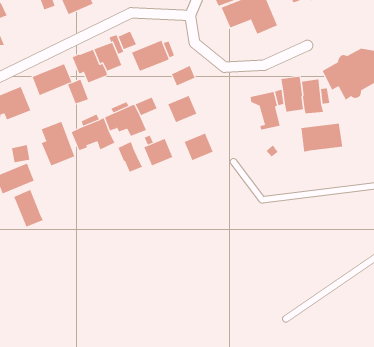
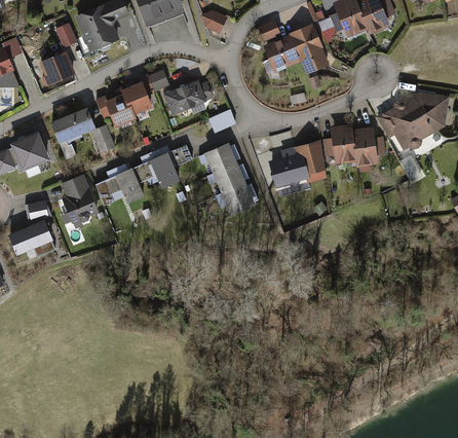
building: none -> [38,51,75,86]
building: none -> [270,149,313,186]
building: [301,123,343,152] -> none
building: [143,138,173,166] -> [213,165,246,196]
building: [118,141,143,173] -> none
building: [14,189,44,228] -> none

